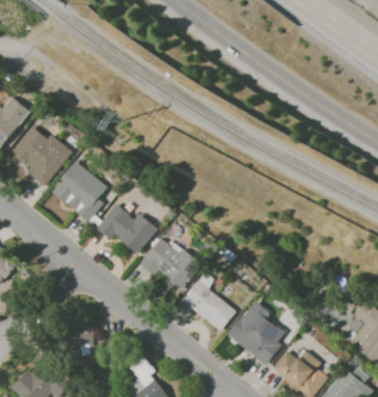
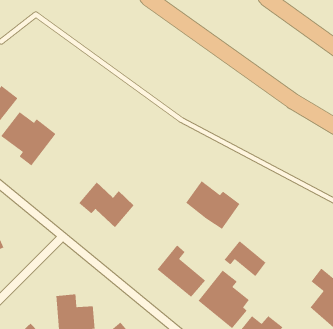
building: [50,161,107,221] -> none
building: [141,237,202,292] -> [185,180,241,230]
building: none -> [223,240,267,277]

